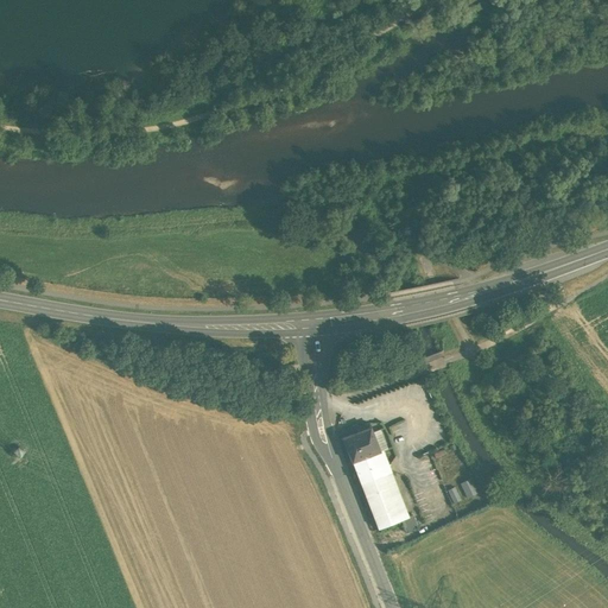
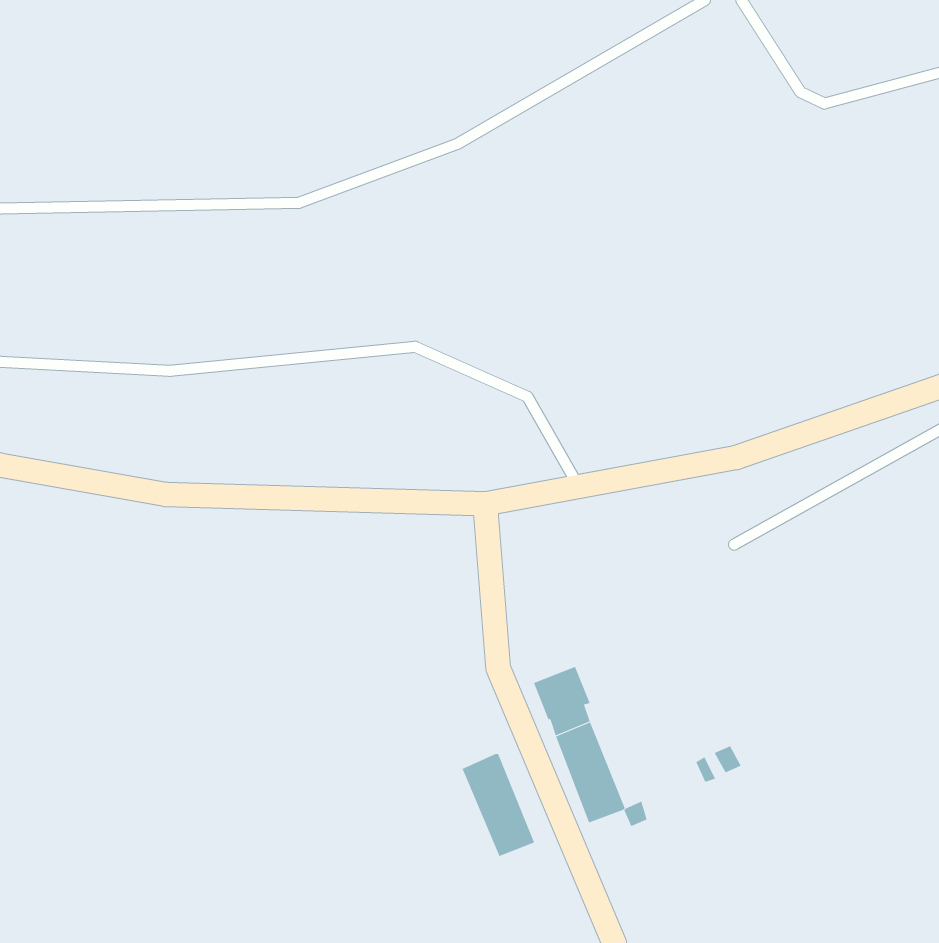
building: none -> [462,753,535,857]

